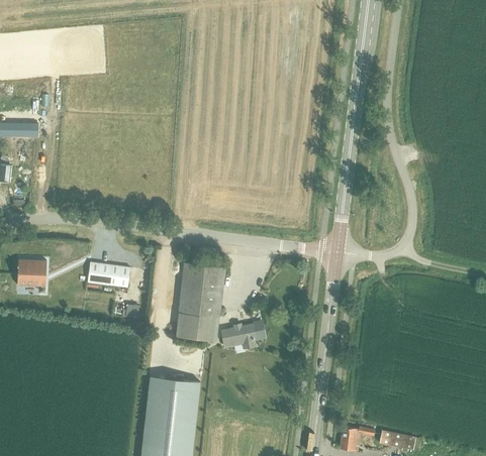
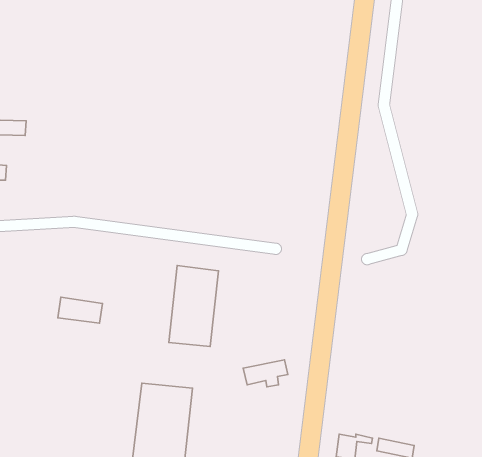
building: [16,259,45,286] -> none
building: [86,261,129,287] -> [58,297,103,323]
building: [219,322,263,348] -> [243,360,288,387]

